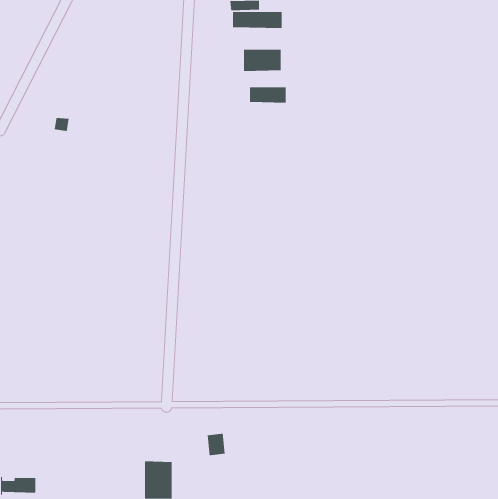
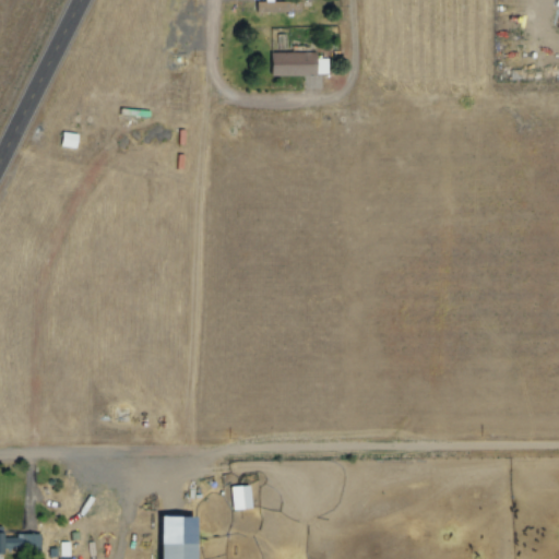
building: [233,11,282,29] -> none
building: [249,86,286,103] -> none

